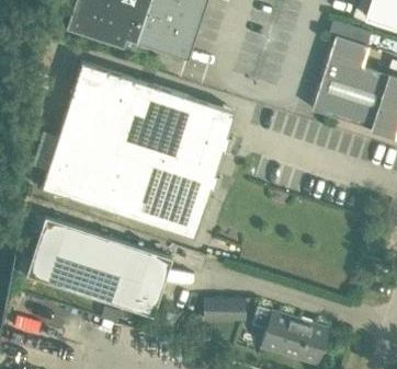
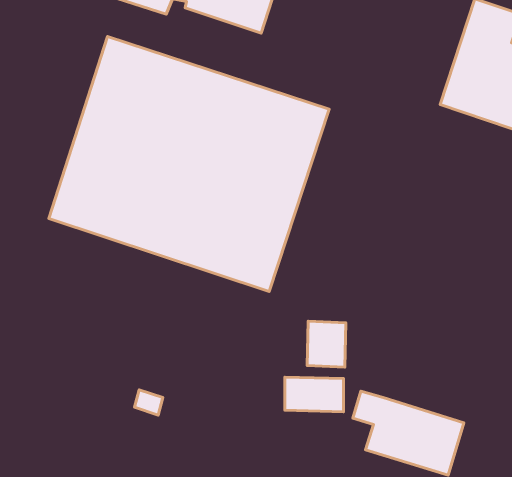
building: [25,218,171,318] -> none
building: none -> [307,321,346,367]

